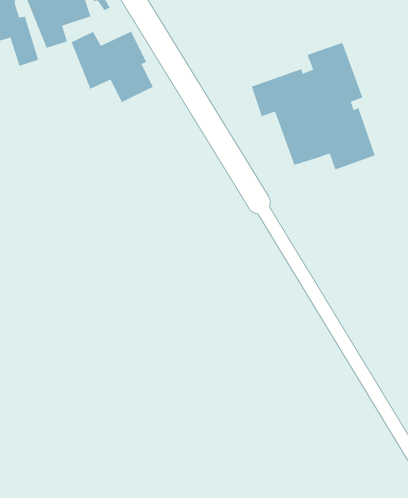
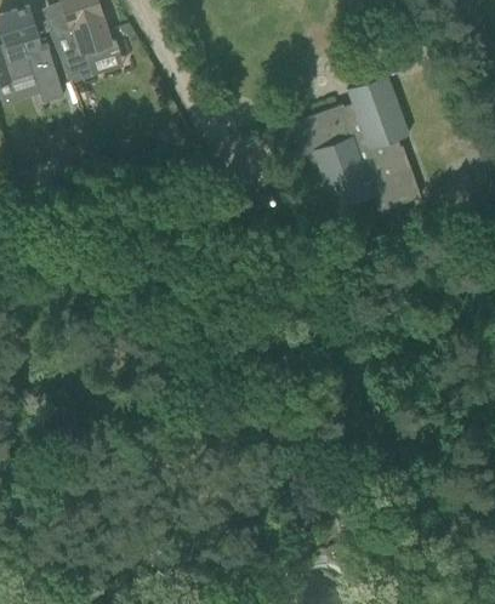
building: [70,30,154,103] -> none

